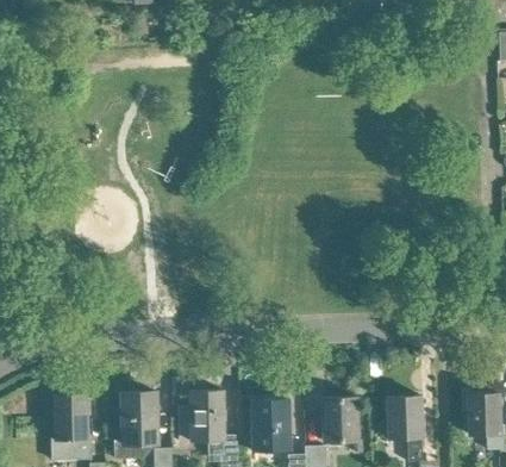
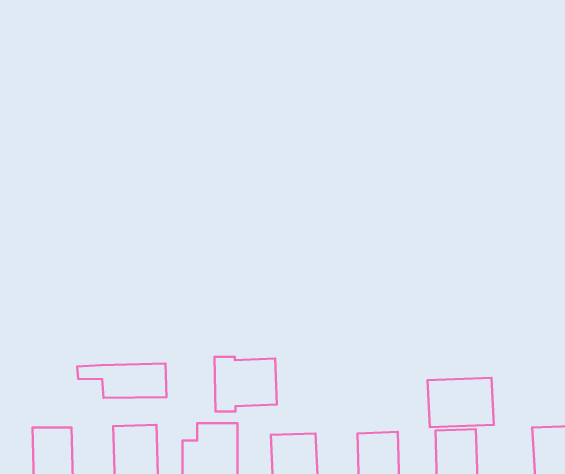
building: none -> [214,357,277,411]
building: none -> [77,363,166,398]
building: none -> [427,378,494,427]

